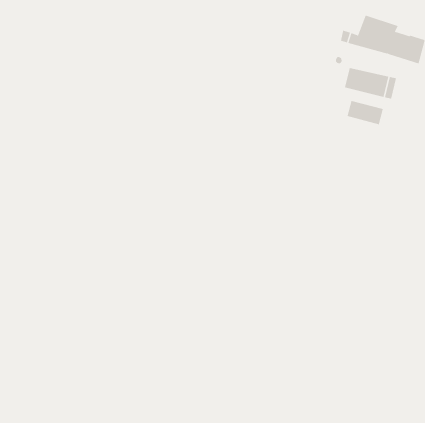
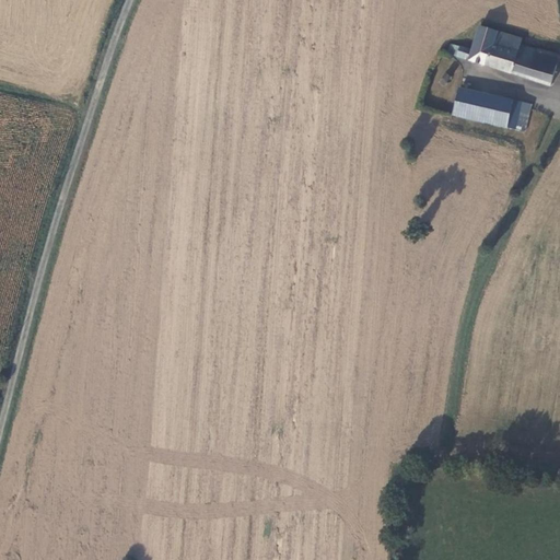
building: [347,100,384,125] -> none

